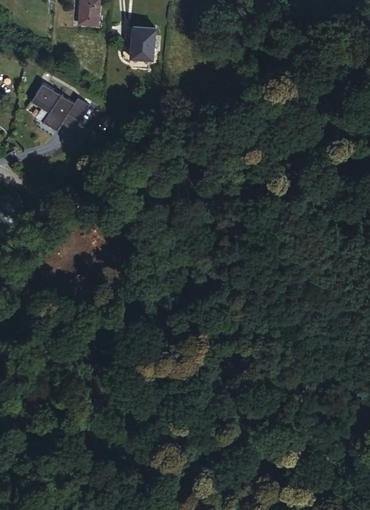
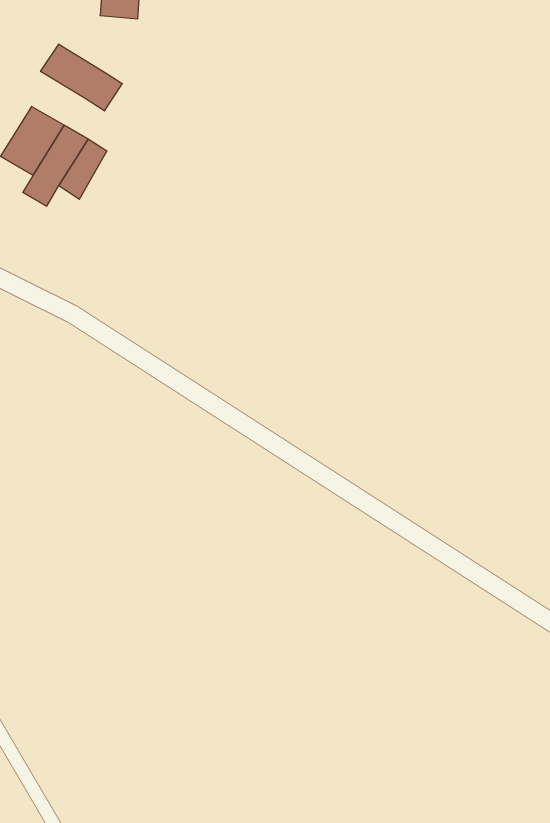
building: [134,26,158,60] -> none
building: none -> [41,44,122,111]

